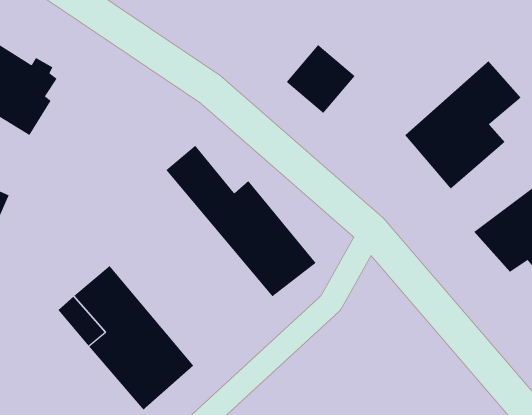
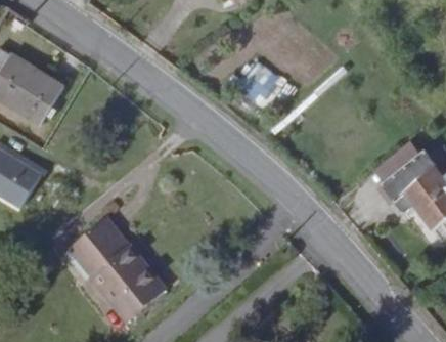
building: [405,61,522,189] -> none
building: [165,145,317,297] -> none

